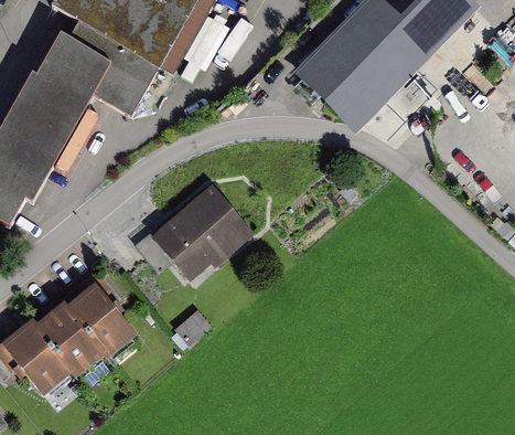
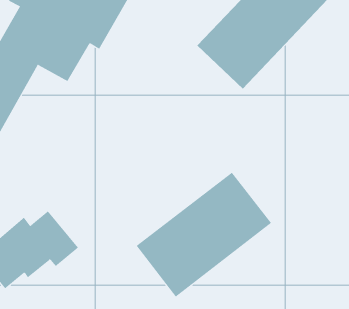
building: [150,184,253,283] -> none
building: none -> [136,172,272,298]

